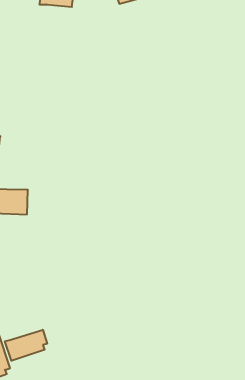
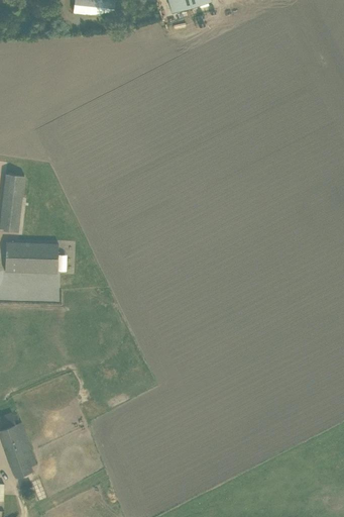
building: [5,330,47,361] -> none

